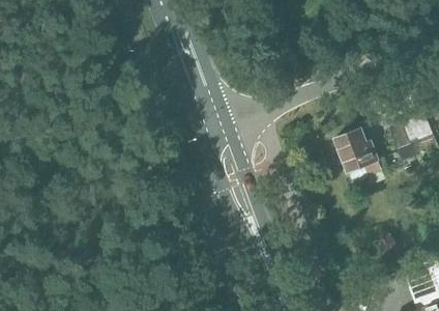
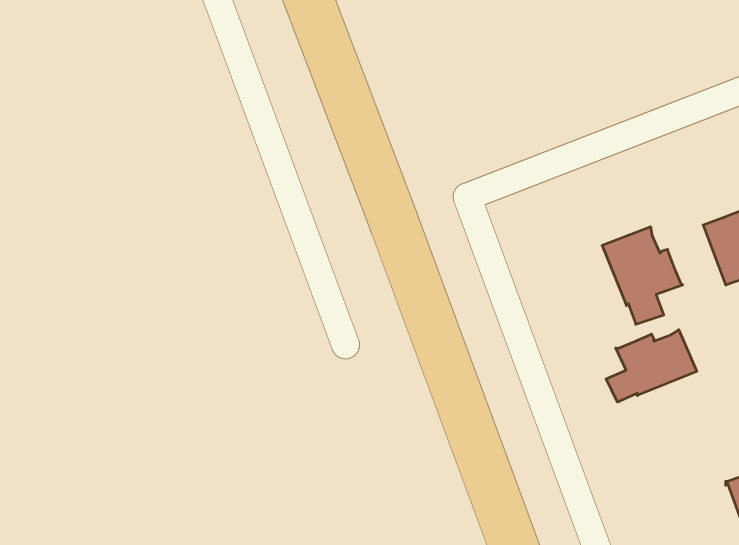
building: none -> [606,330,697,402]

